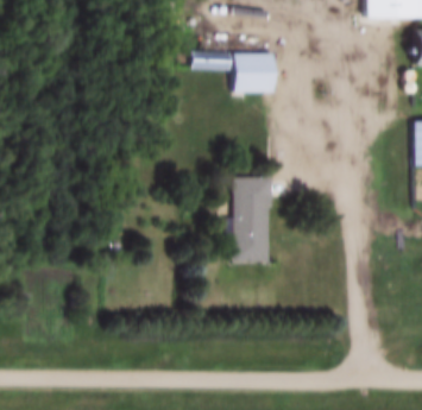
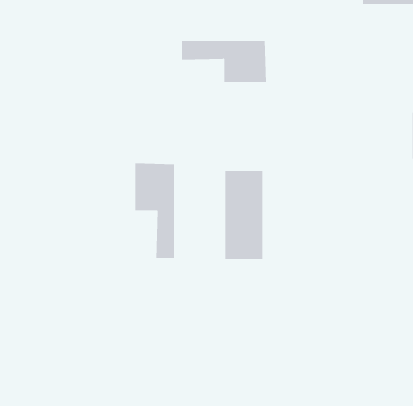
building: none -> [135,162,175,259]

